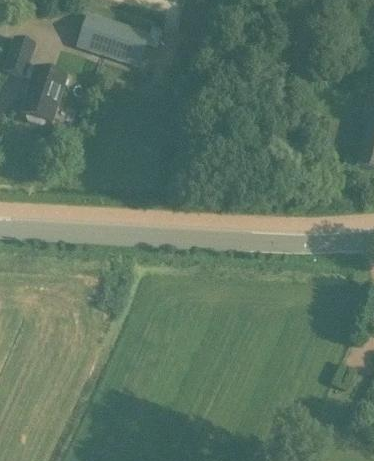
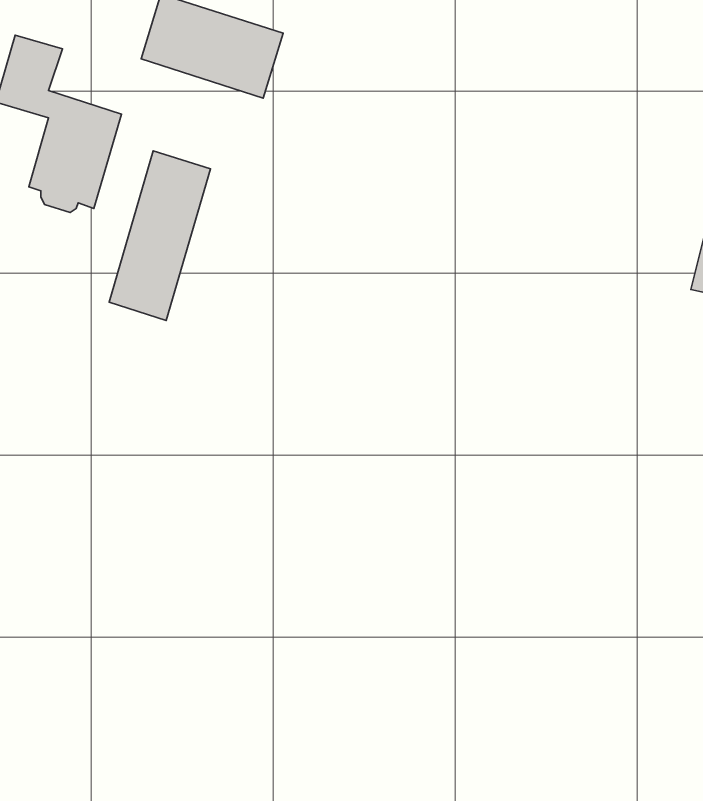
building: none -> [109,151,210,320]

